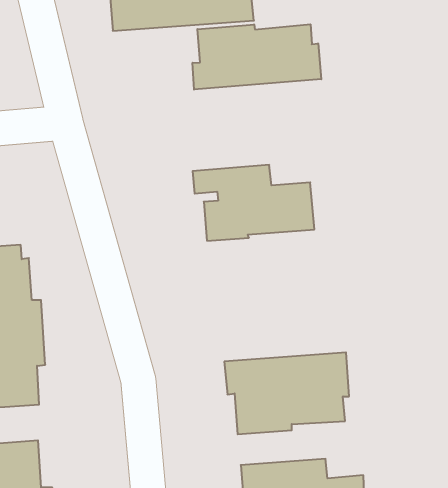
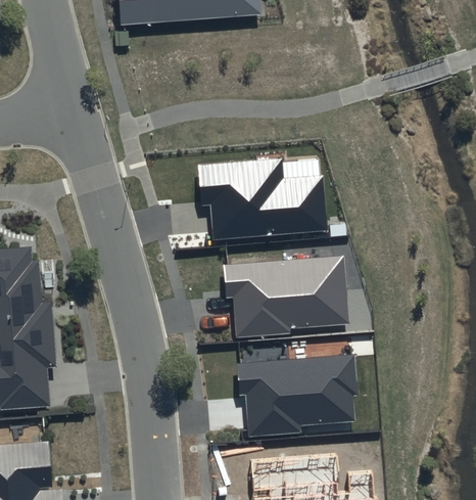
building: [193,24,321,90] -> none
building: none -> [222,256,346,336]

